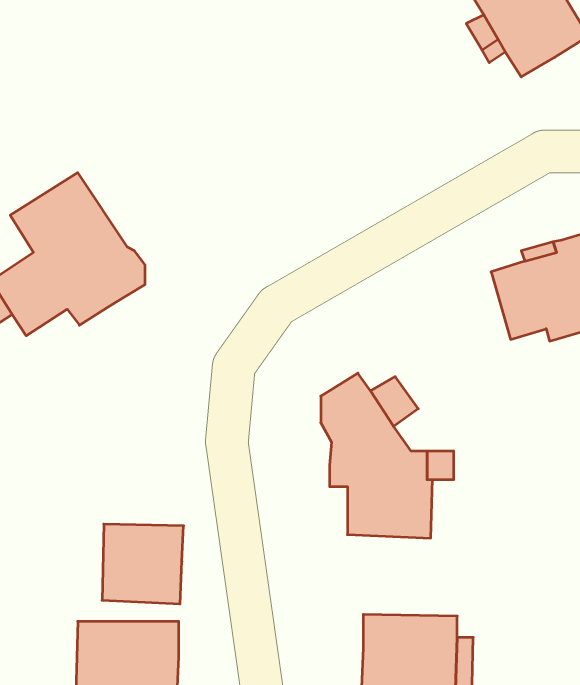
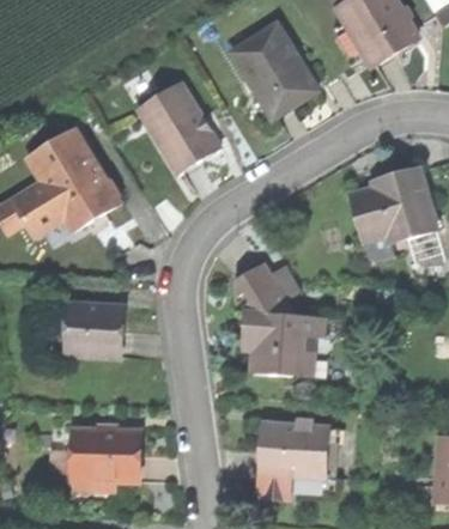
building: none -> [226,22,315,118]
building: none -> [136,84,219,175]
building: [102,524,184,604] -> [67,304,122,358]

